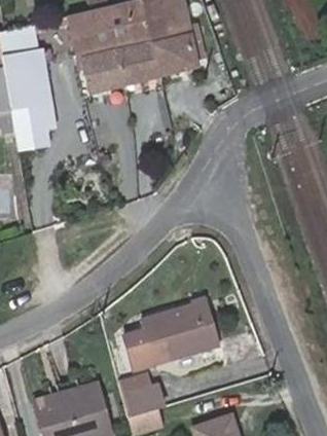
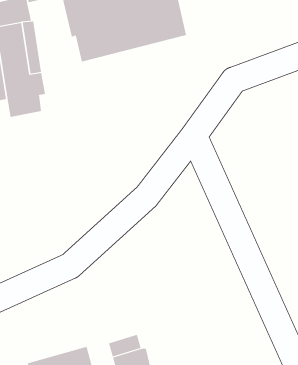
building: [120,299,220,371] -> none

